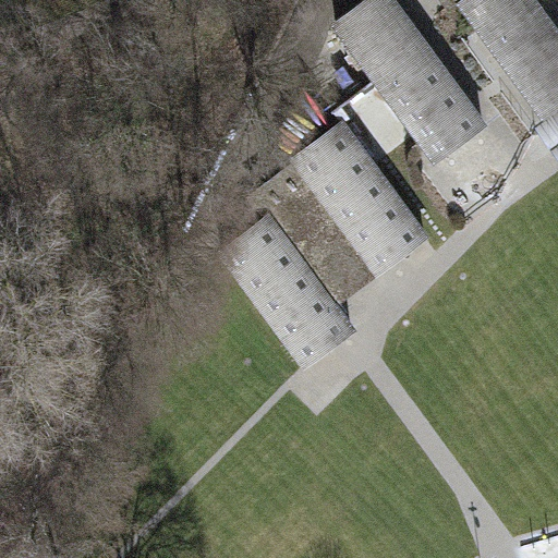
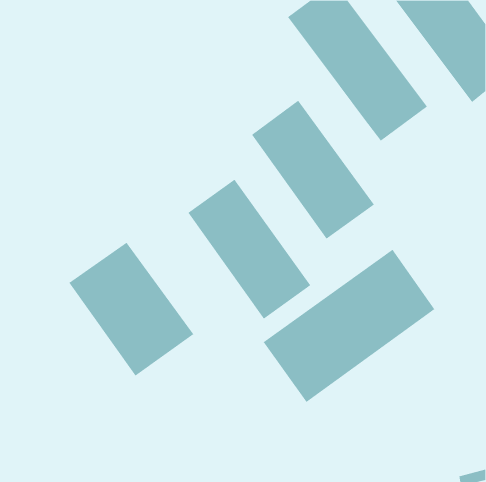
building: none -> [68,242,194,376]
building: none -> [263,249,435,403]

